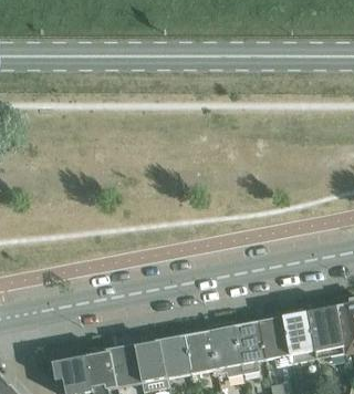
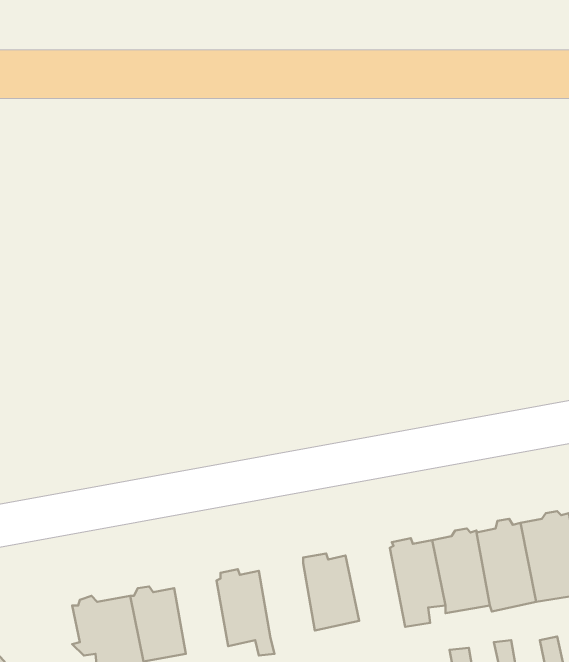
building: [209,324,243,375] -> none
building: [159,332,191,379] -> none
building: [111,342,142,387] -> none

